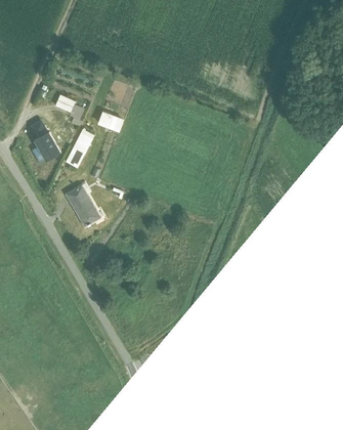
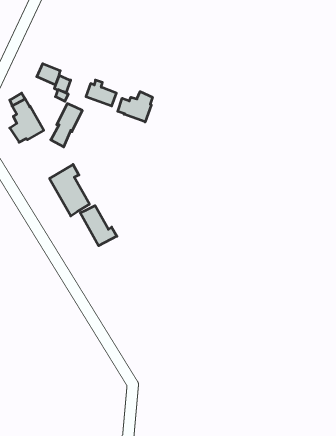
building: none -> [118,92,152,122]
building: none -> [80,206,117,246]

